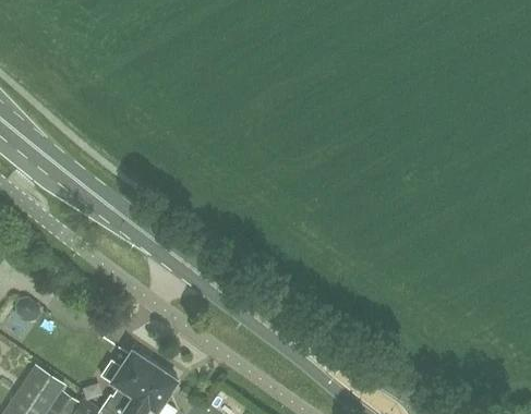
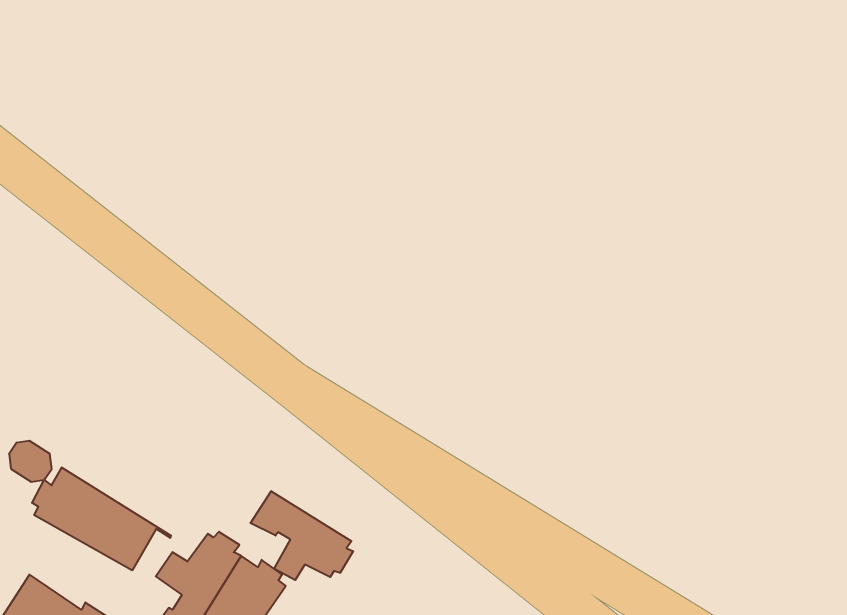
building: none -> [32,467,171,570]
building: none -> [250,491,353,580]

